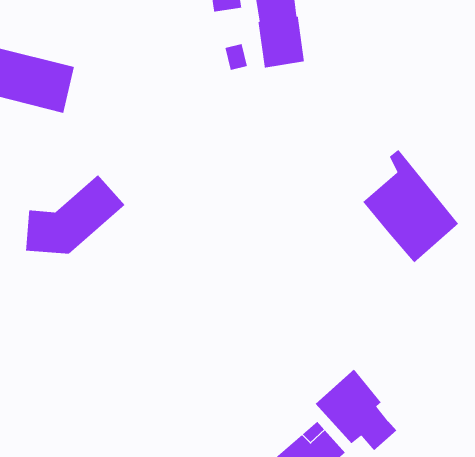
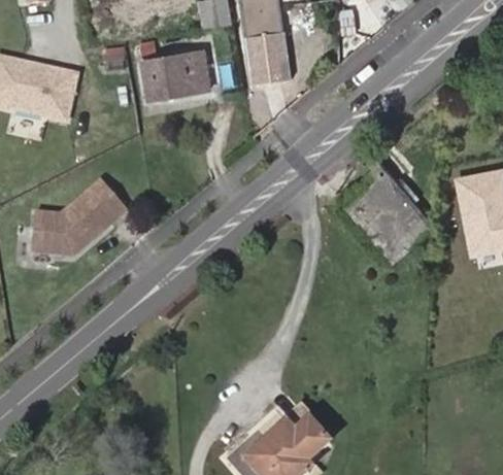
building: none -> [144,52,208,97]
building: [315,369,397,451] -> none

